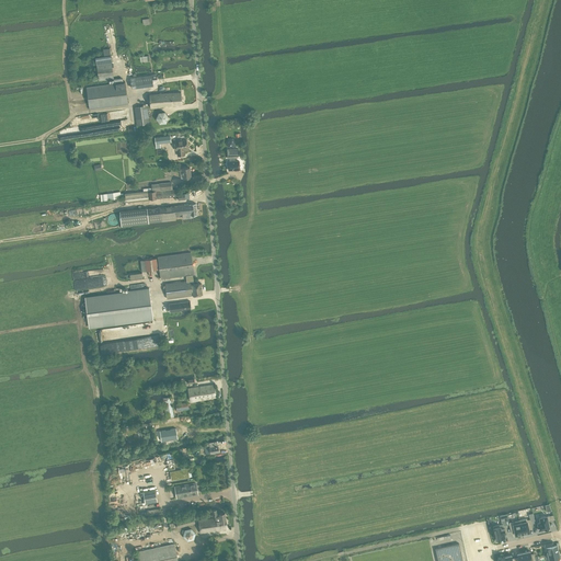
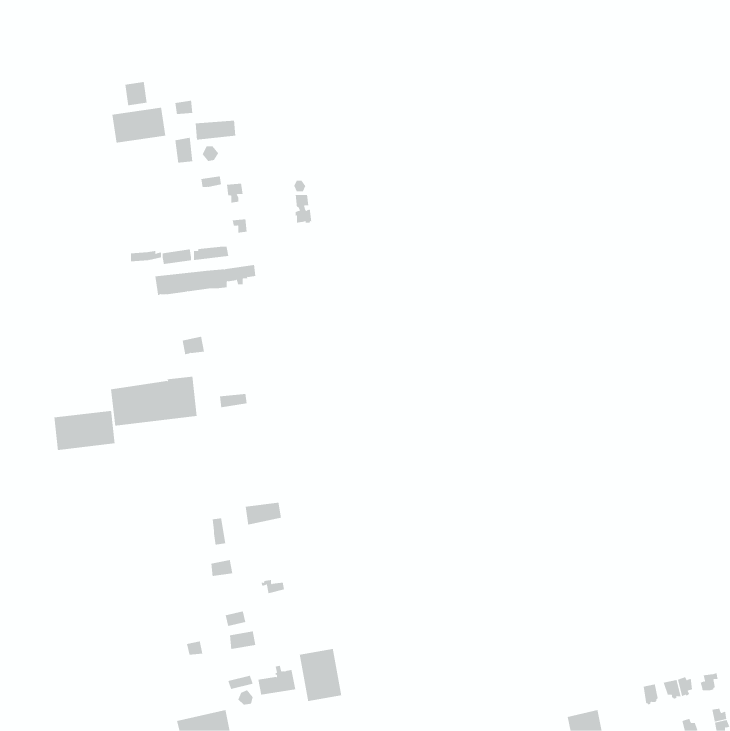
building: [157,252,202,299] -> none
building: none -> [54,410,115,451]
building: none -> [299,648,342,702]

